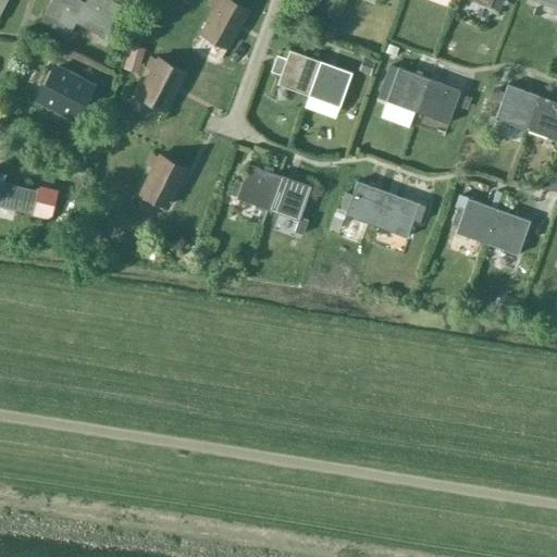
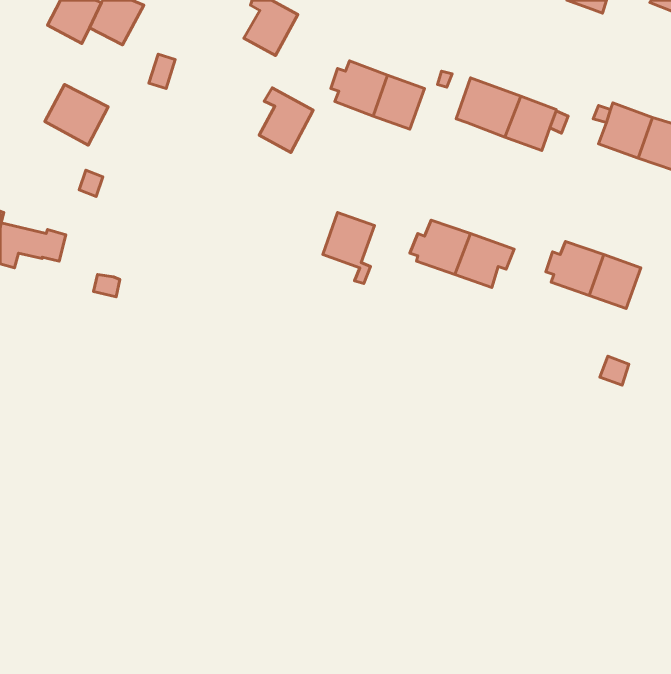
building: [140,55,185,109] -> [259,88,313,152]
building: [143,153,186,206] -> none
building: [231,164,281,210] -> none

